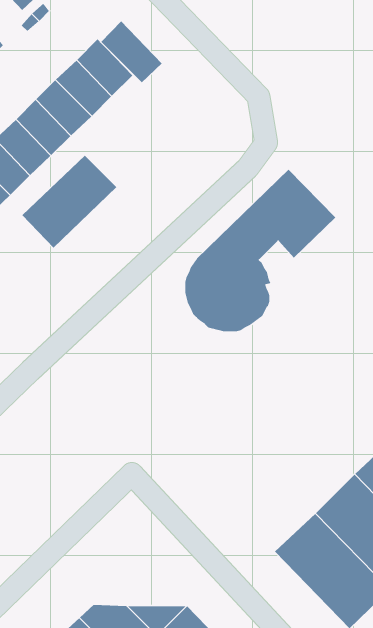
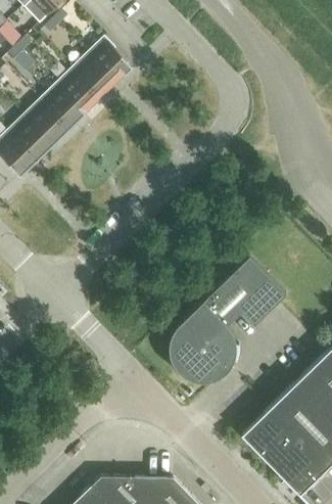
building: [101,20,163,83] -> none
building: [22,155,117,248] -> none
building: [184,169,336,332] -> [169,257,286,383]

